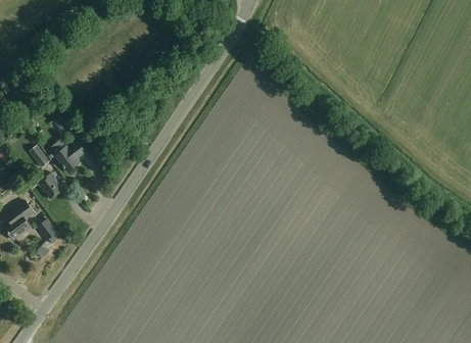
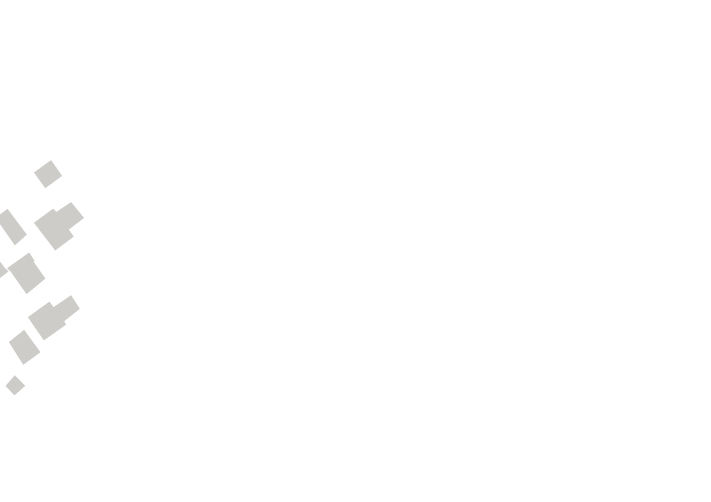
building: none -> [27,294,81,341]

